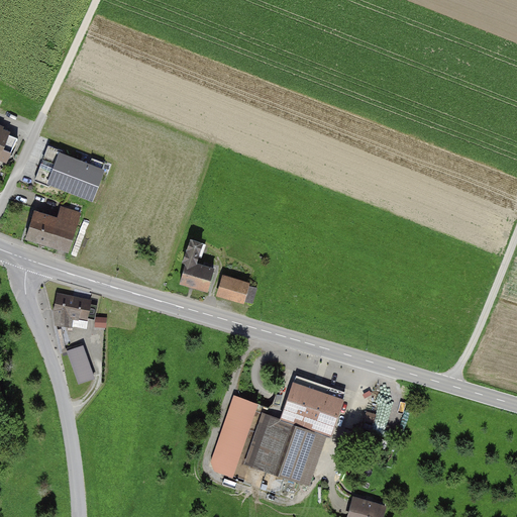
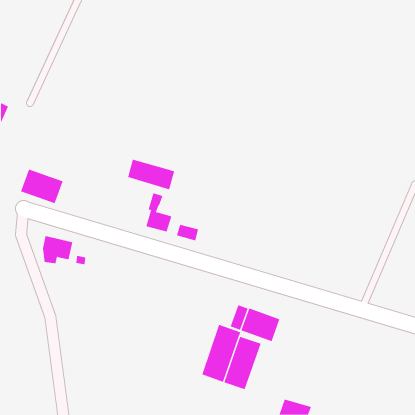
building: [45,151,104,201] -> none
building: none -> [128,159,175,190]
building: [66,345,95,386] -> none
building: [210,396,258,480] -> none

